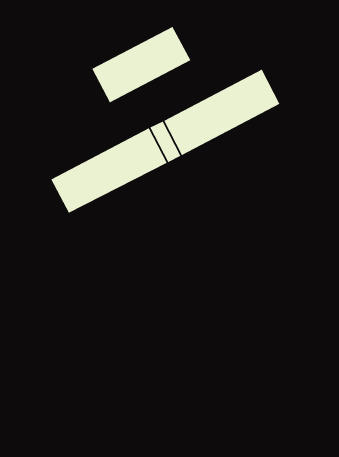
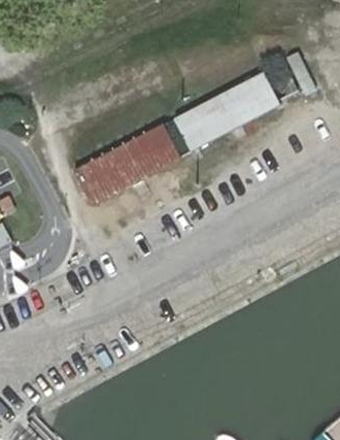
building: [91,26,191,103] -> none

